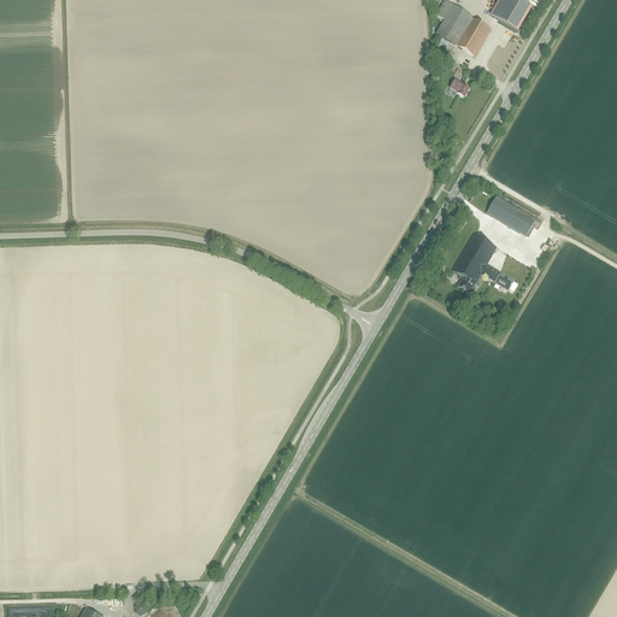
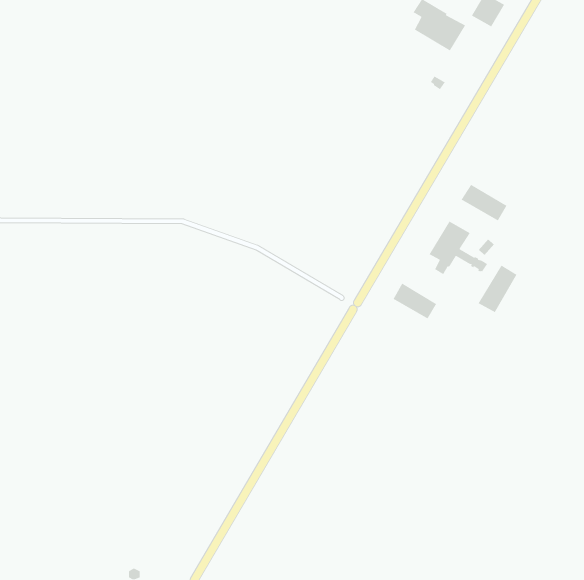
building: none -> [478,264,518,313]
building: none -> [393,282,437,320]

